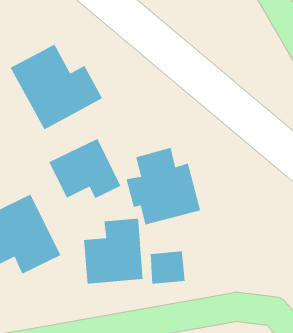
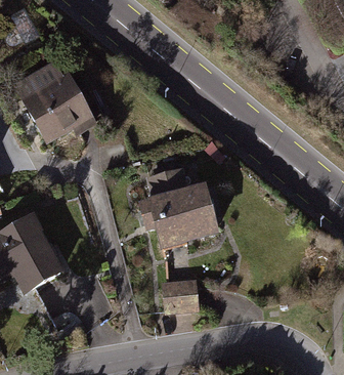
building: [48,138,122,199] -> none
building: [83,218,143,284] -> none

